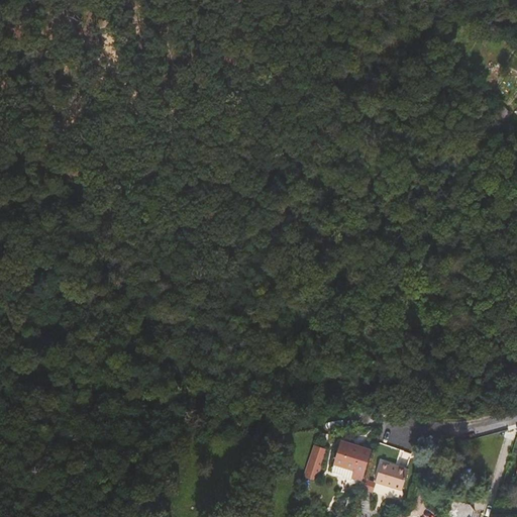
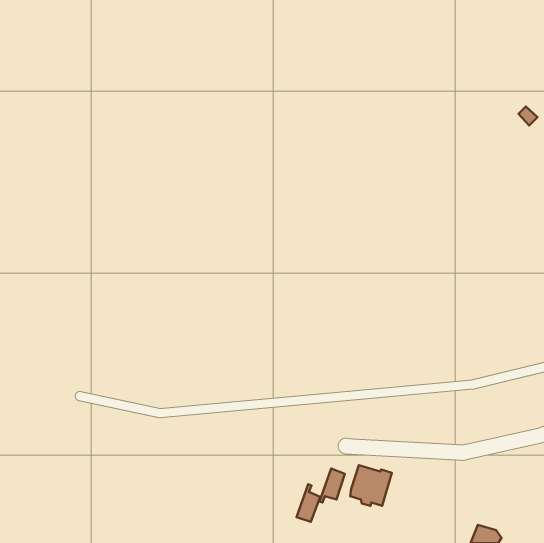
building: none -> [296,484,320,522]
building: [376,462,408,490] -> none

